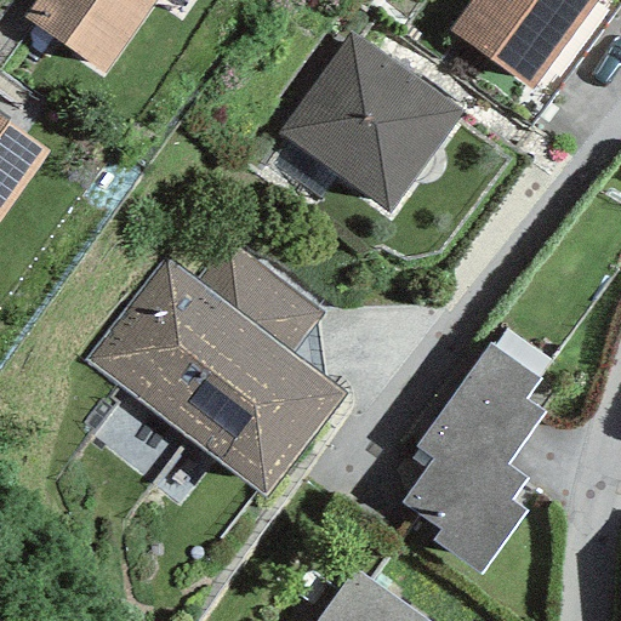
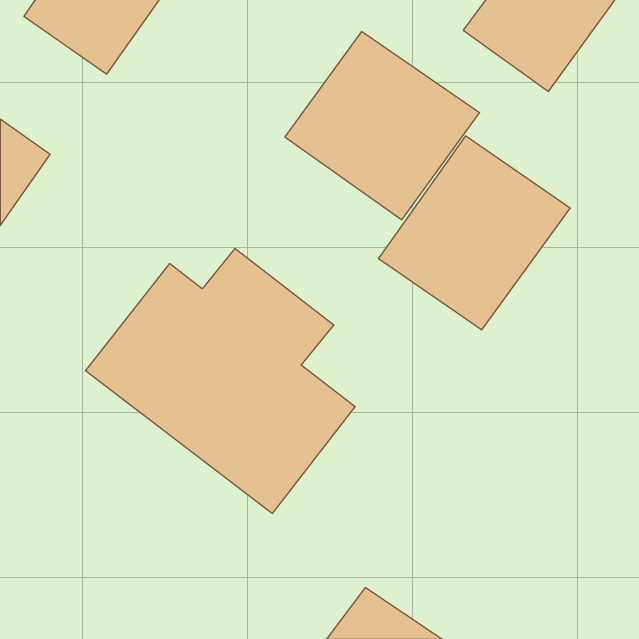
building: none -> [378,136,570,330]
building: [403,342,547,575] -> none

